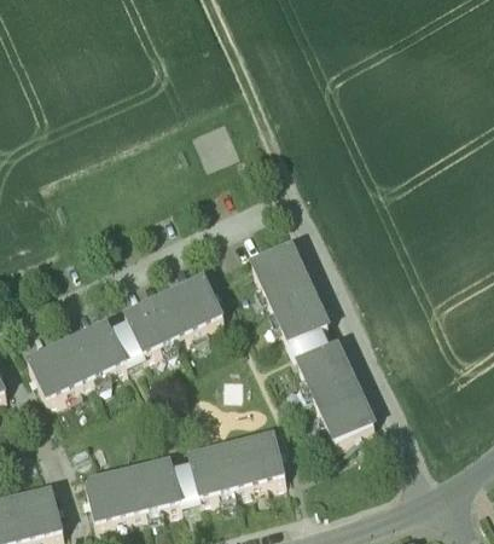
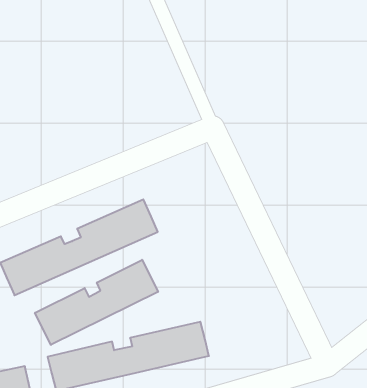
building: [248,244,377,442] -> none
building: none -> [35,260,158,345]

